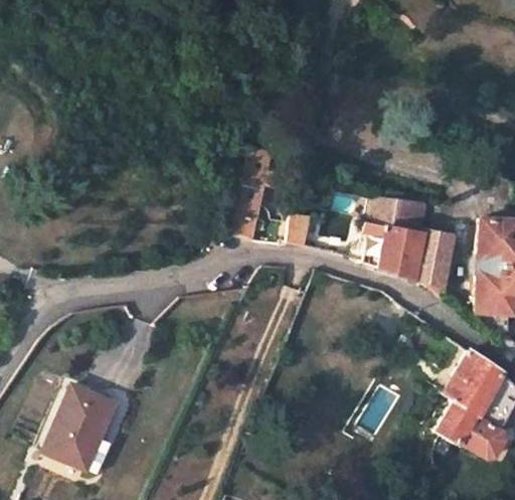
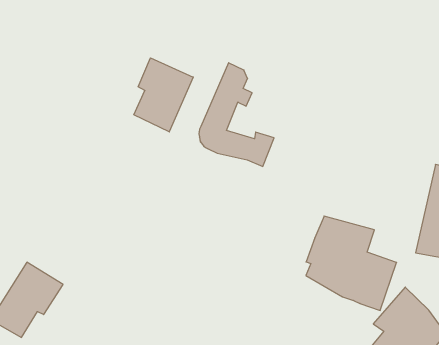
building: none -> [134,58,193,132]
building: [360,198,454,287] -> [306,216,397,310]

